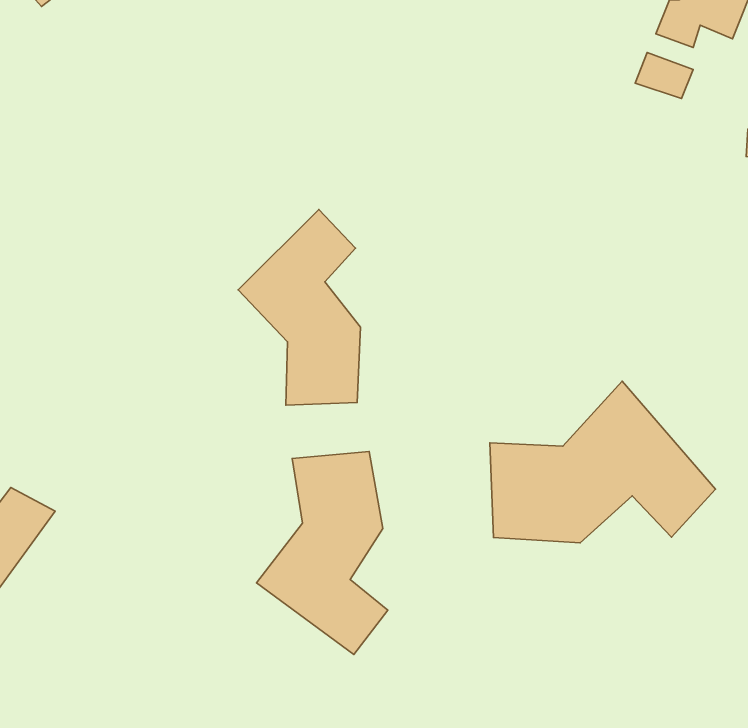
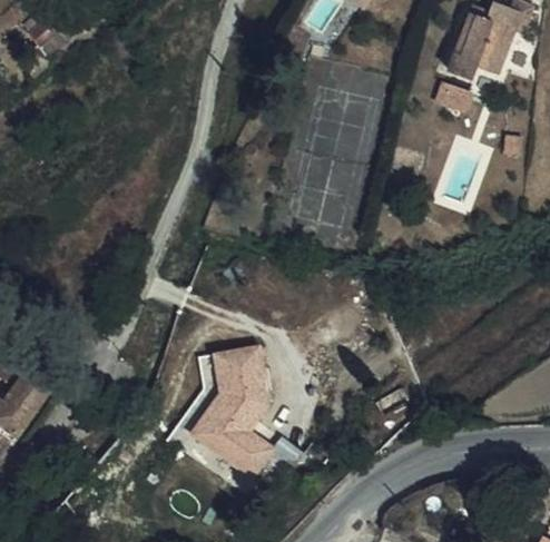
building: [238,209,360,405] -> none
building: [490,381,716,543] -> none

